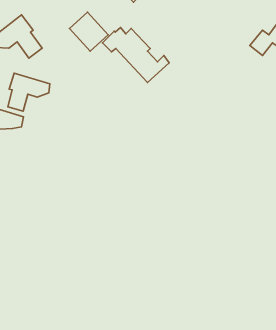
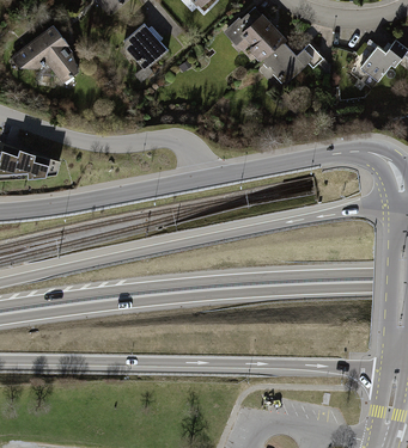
building: [102,28,169,83] -> [221,12,310,85]
building: [8,73,50,111] -> none

